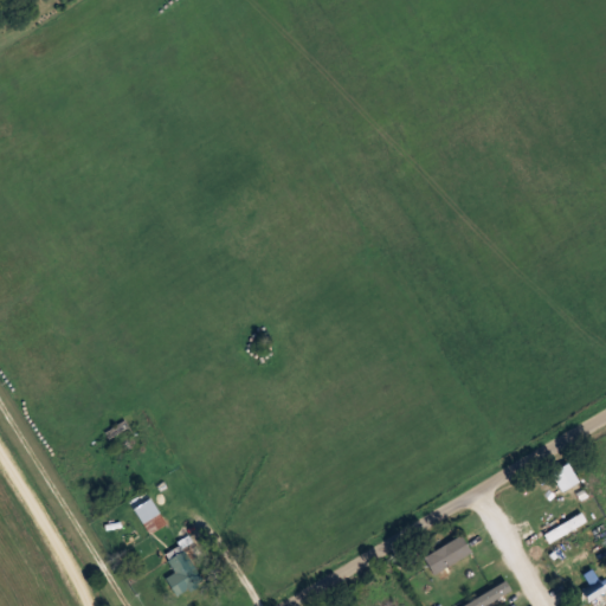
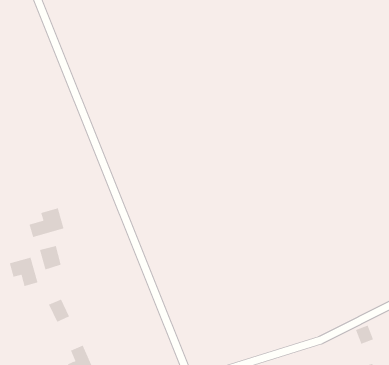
building: none -> [29,208,64,238]
building: none -> [9,257,38,287]

